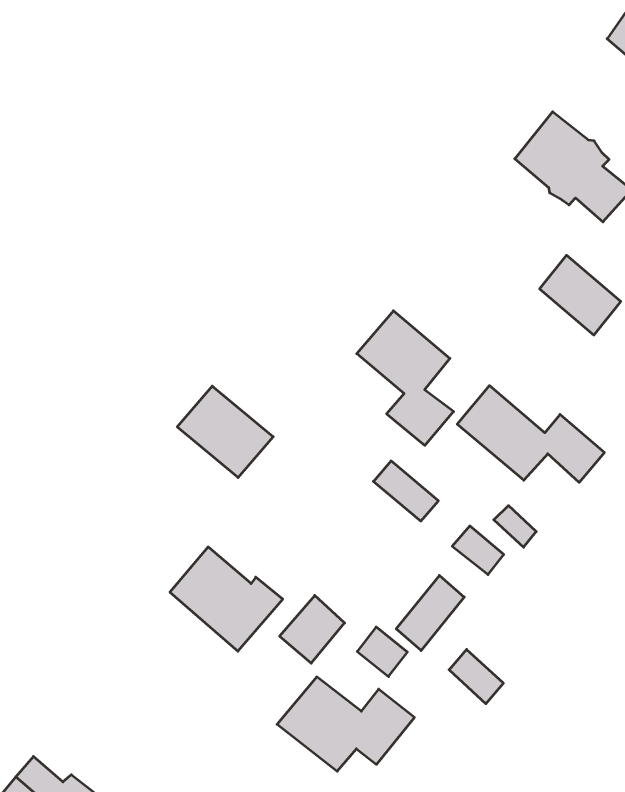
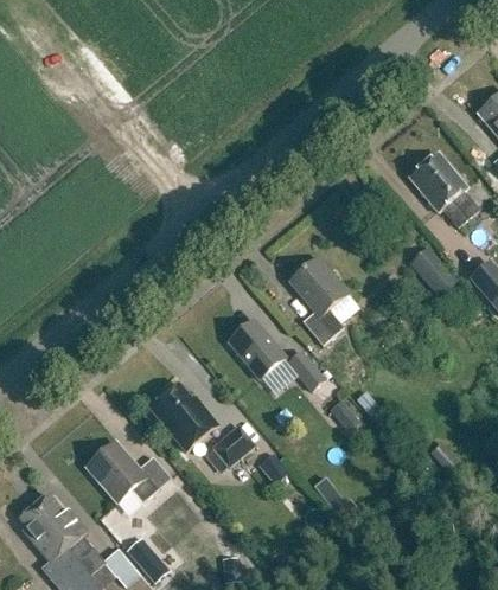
building: [457,386,604,482] -> none
building: [177,386,273,478] -> [228,320,286,379]
building: [396,575,464,651] -> none
building: [277,677,414,771] -> [85,442,171,502]

